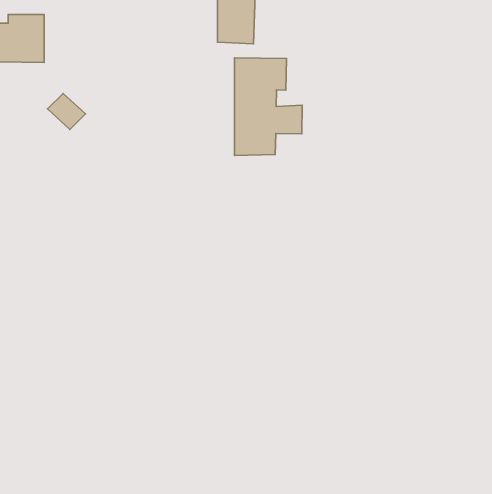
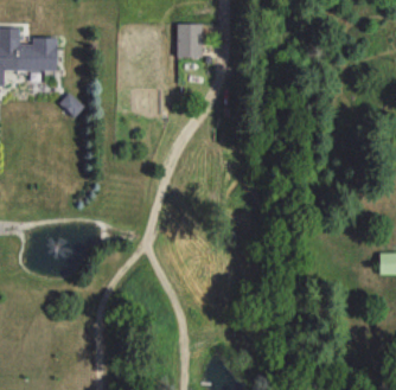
building: [235,58,302,155] -> none

